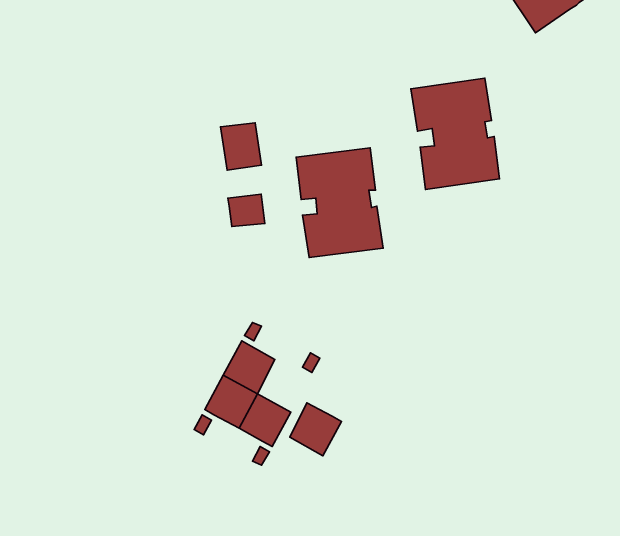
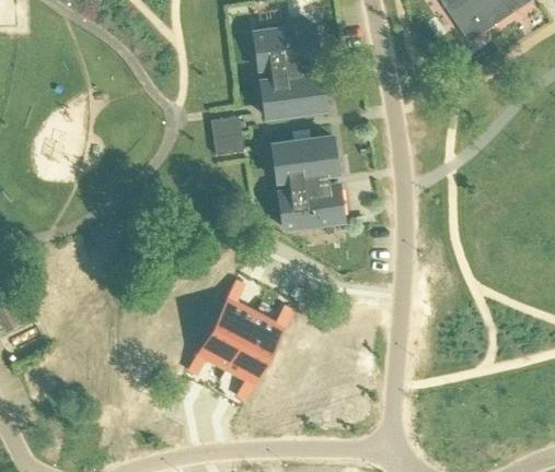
building: [411,78,499,189] -> [253,24,326,116]
building: [228,194,265,227] -> none
building: [290,403,341,456] -> [241,311,284,355]

